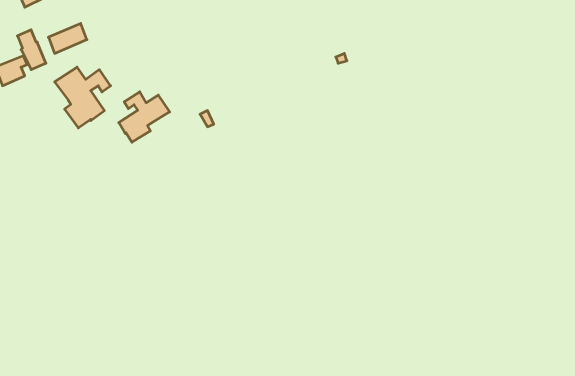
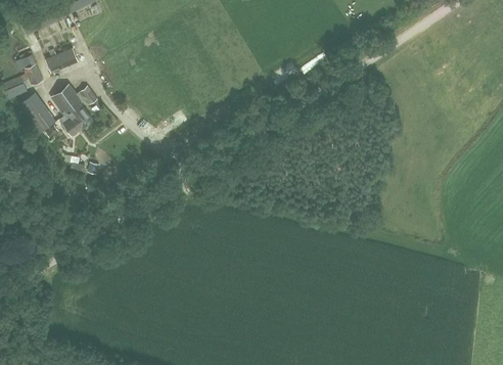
building: none -> [20,92,56,132]
building: [119,92,170,142] -> none

